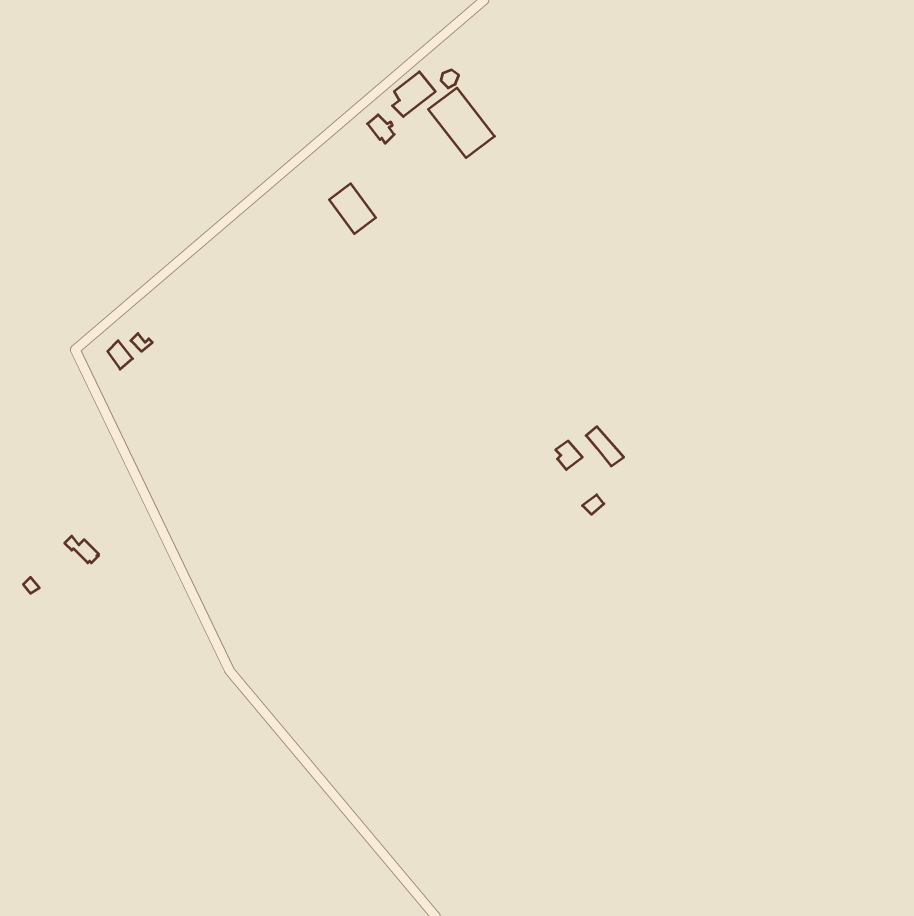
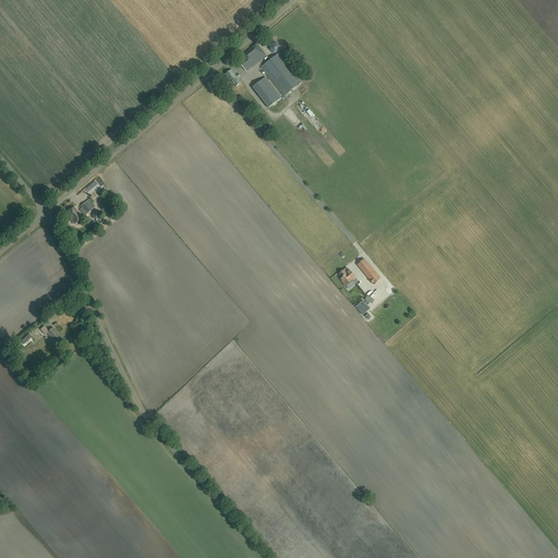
building: [329,184,376,234] -> [252,77,280,108]

